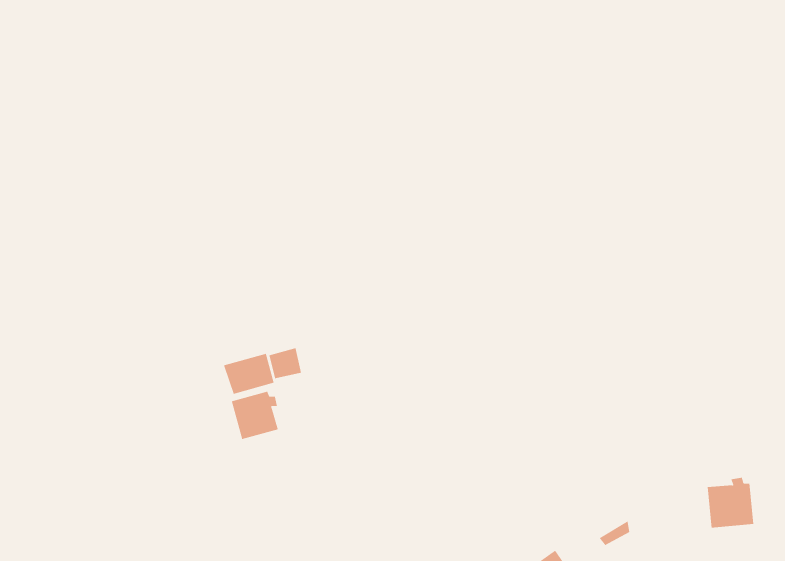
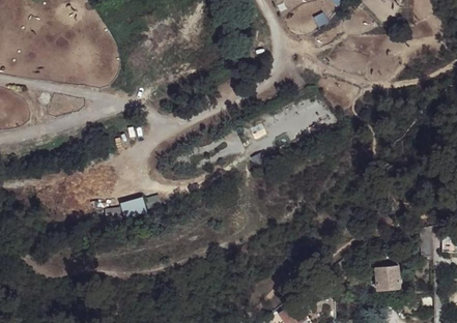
building: [231,391,278,440] -> none

